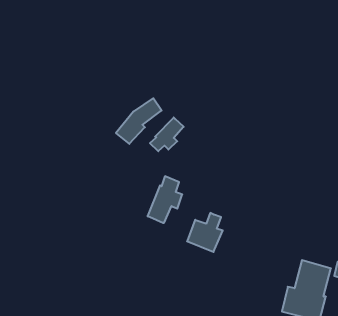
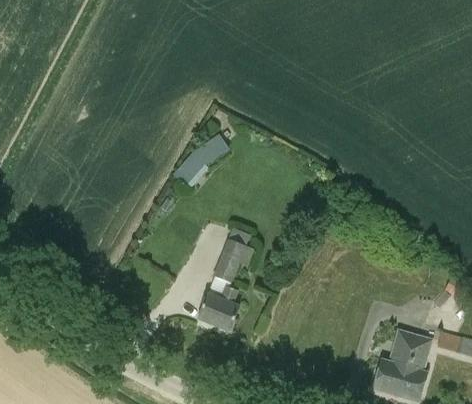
building: [150,117,184,151] -> none
building: [187,213,223,252] -> [197,285,240,332]

